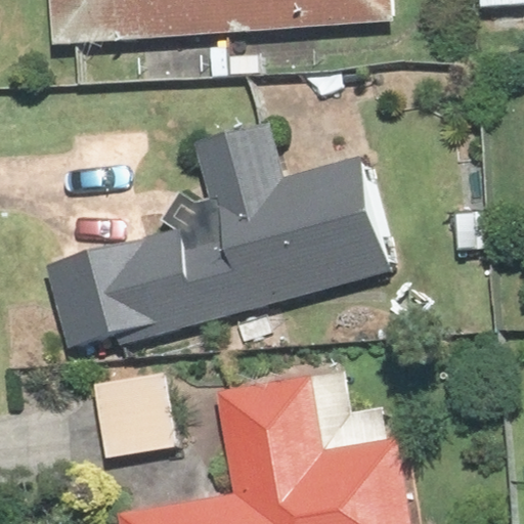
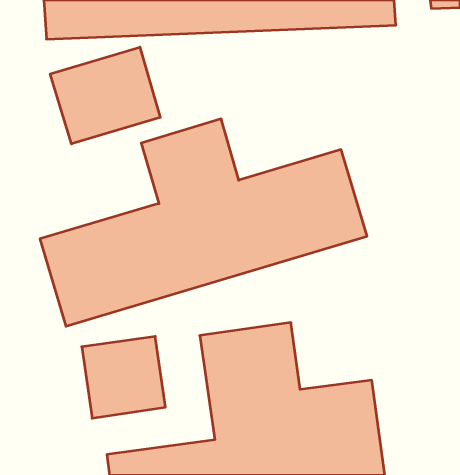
building: none -> [50,47,160,144]

